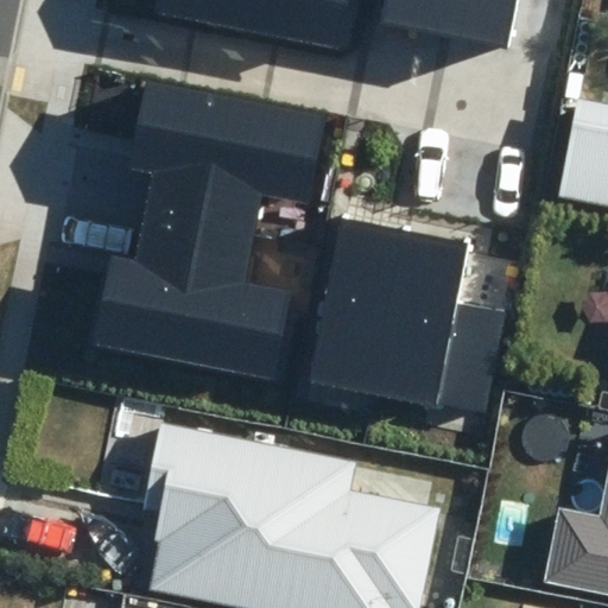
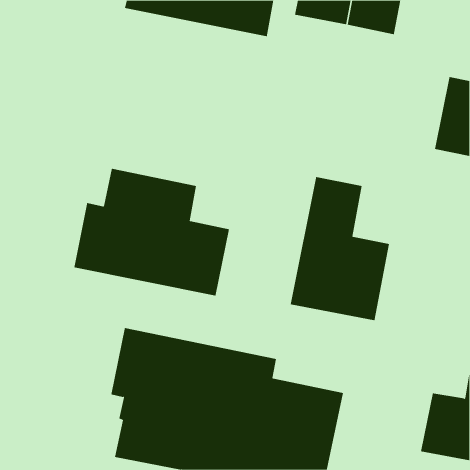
building: [131,82,331,240] -> none
building: [309,216,407,393] -> none

